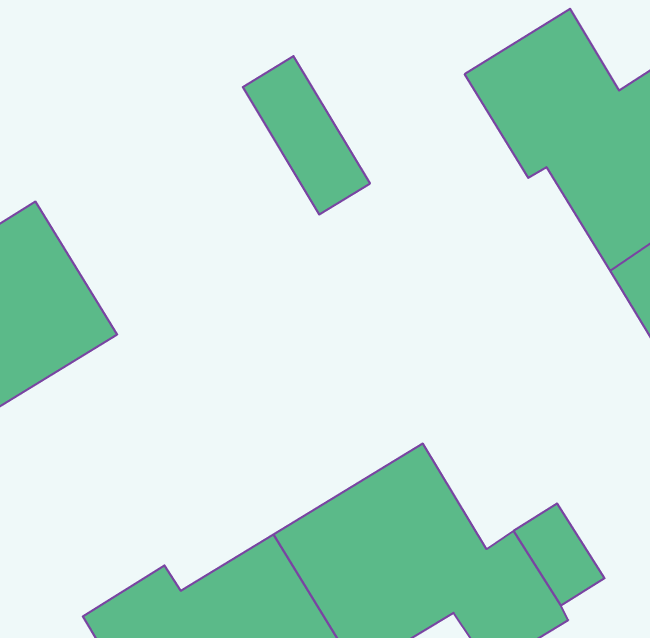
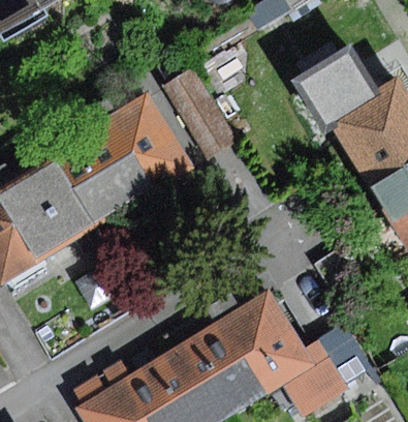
building: none -> [46,93,192,229]

